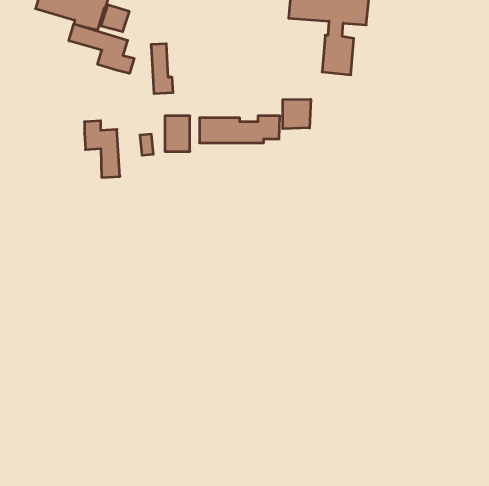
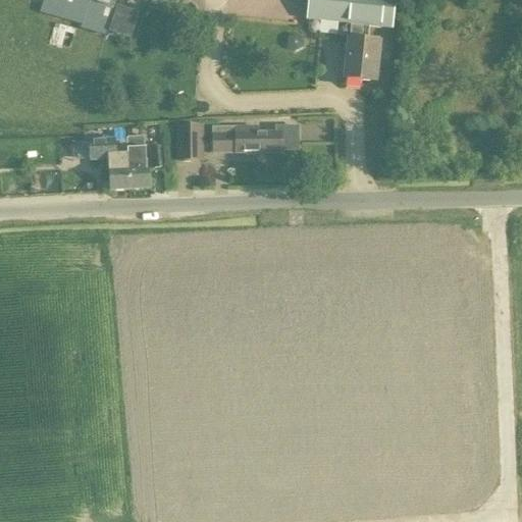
building: [69,24,134,73] -> none
building: [151,44,173,94] -> [125,135,149,188]
building: [283,99,311,129] -> none

